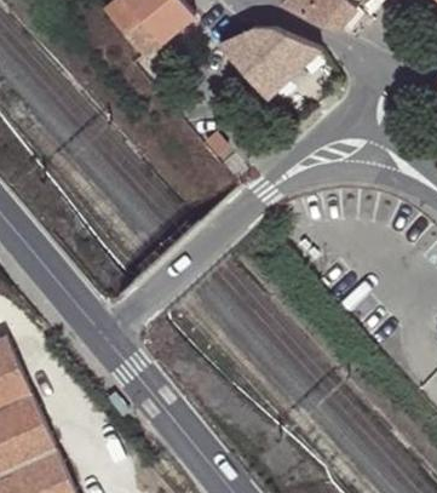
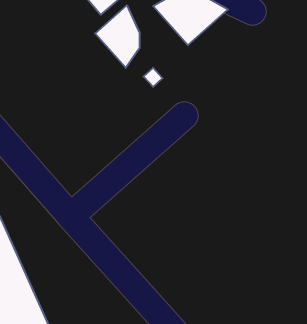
building: none -> [95,5,140,68]

